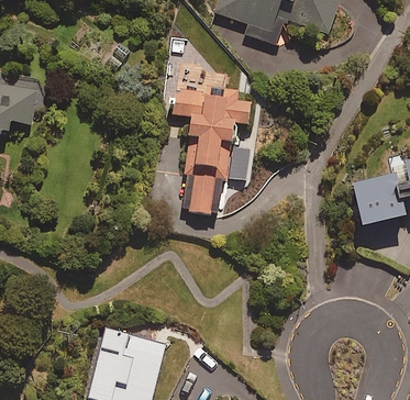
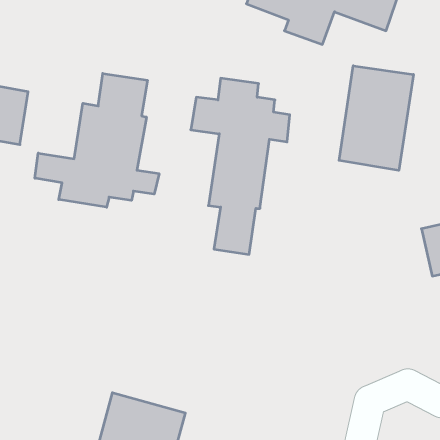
building: none -> [339,66,413,170]
building: none -> [35,73,159,207]

